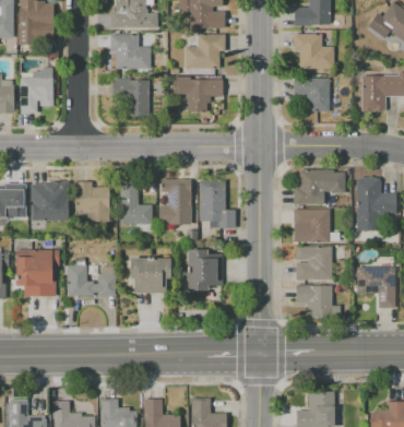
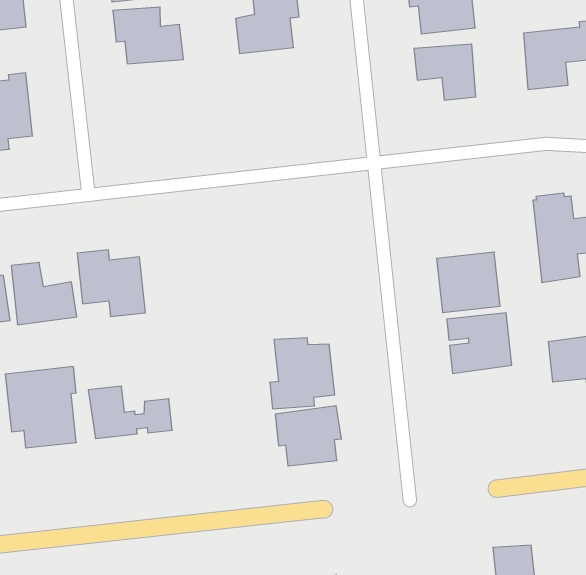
building: [174,76,222,111] -> none
building: [114,78,150,116] -> none
building: [294,169,334,204] -> none
building: [158,178,191,224] -> none
building: [199,180,235,228] -> none
building: [119,182,152,225] -> none
building: [129,259,168,293] -> [275,406,342,466]
building: [296,285,341,319] -> none

